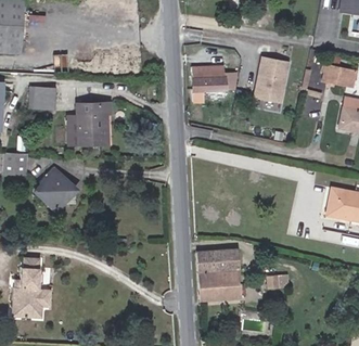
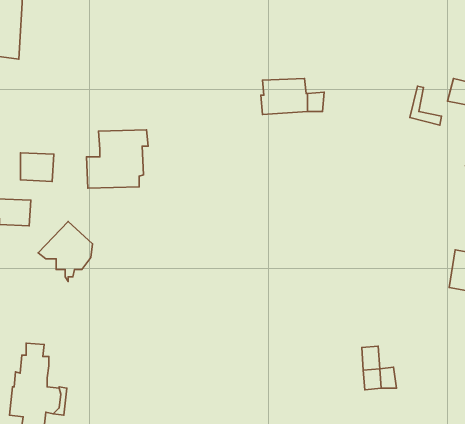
building: [255,59,286,101] -> none
building: [29,87,53,107] -> [21,153,54,181]
building: [198,249,240,299] -> none

